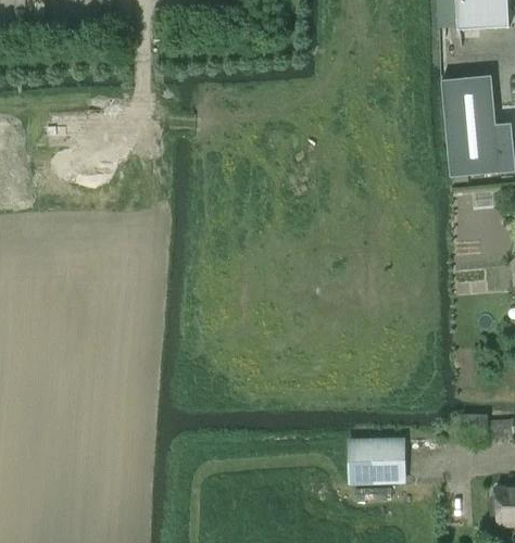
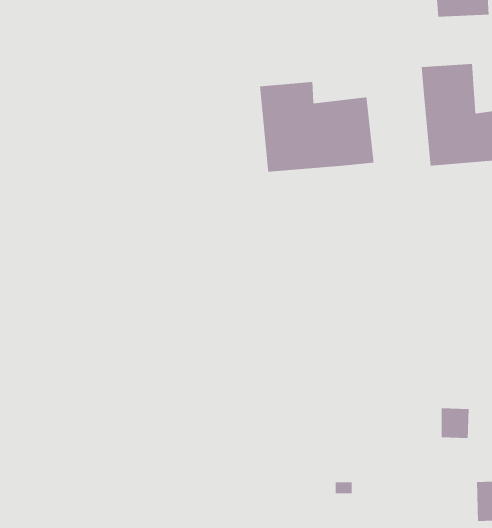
building: none -> [260,81,374,173]
building: [350,439,403,475] -> none

